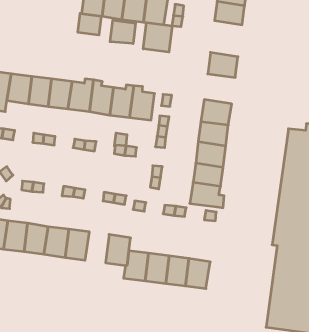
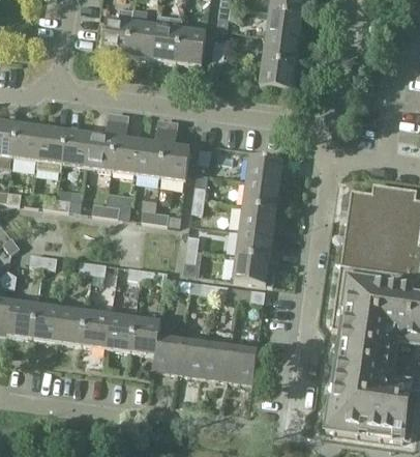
building: [78,13,101,35] -> none
building: [110,20,136,44] -> none
building: [143,23,172,52] -> none
building: [208,52,238,77] -> [259,59,295,89]
building: none -> [106,314,134,351]

